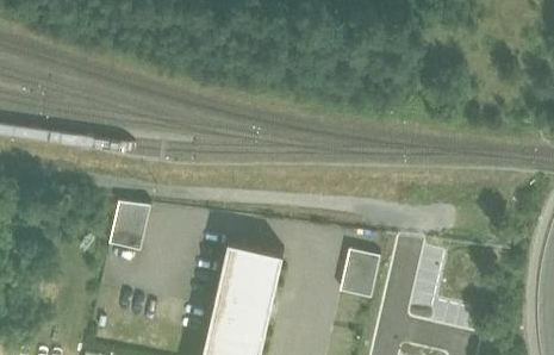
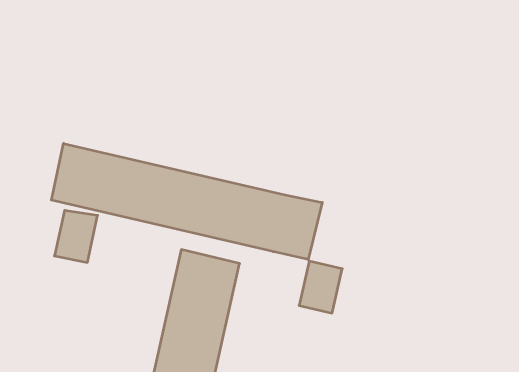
building: none -> [51,143,322,260]

